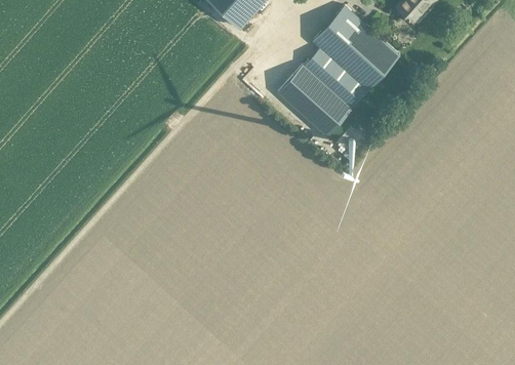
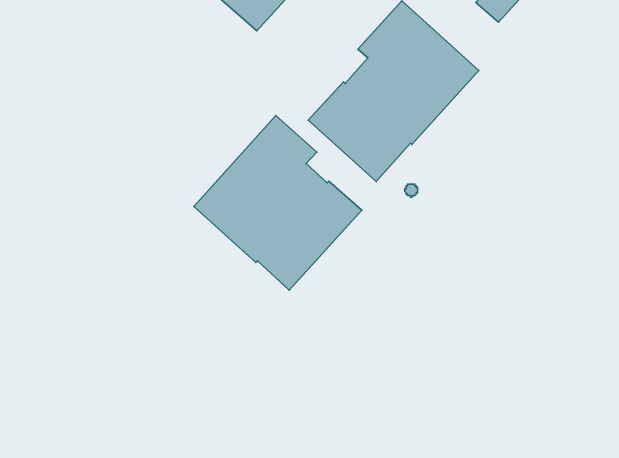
building: none -> [194,116,362,290]

